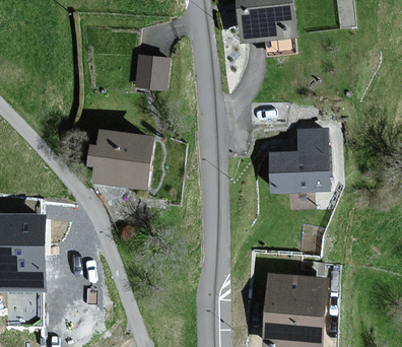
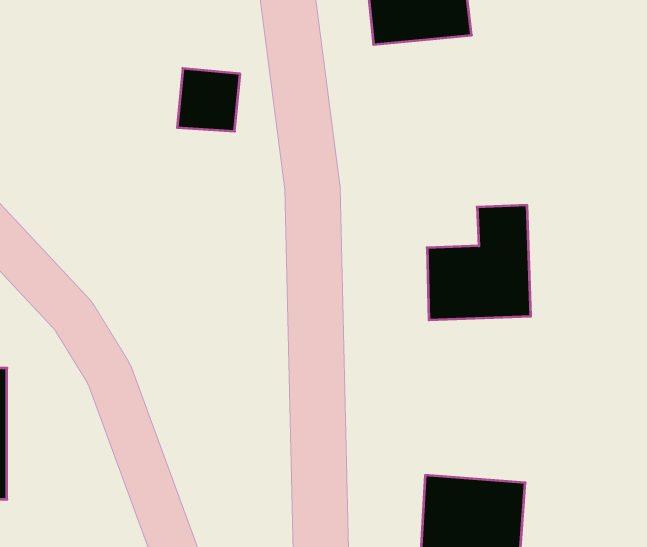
building: [87,128,155,189] -> none

